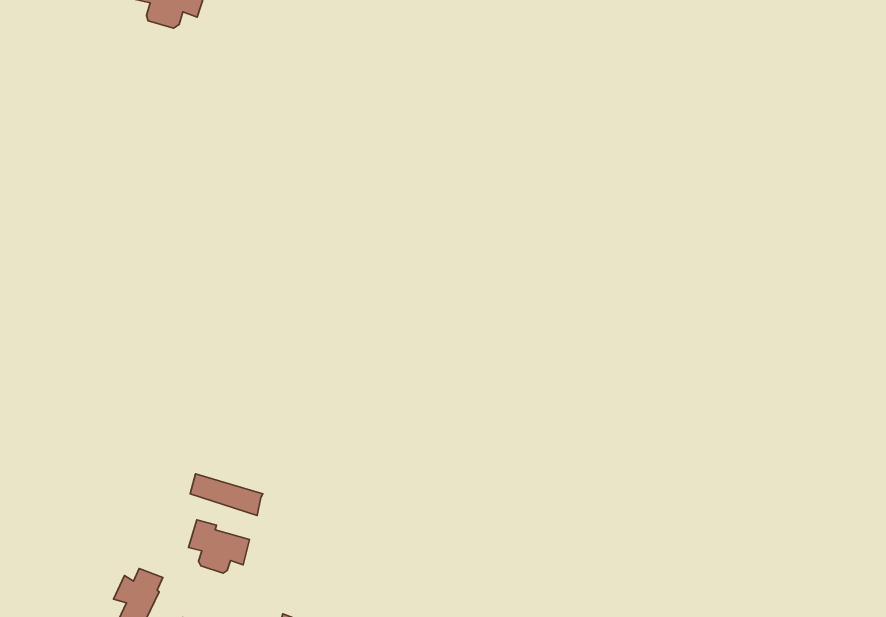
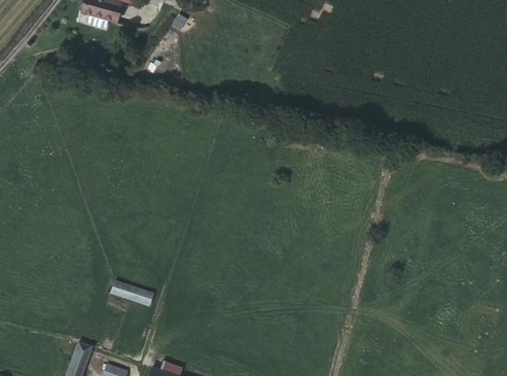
building: [189,520,250,573] -> none

